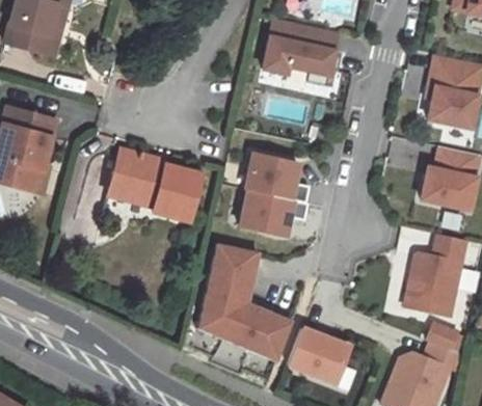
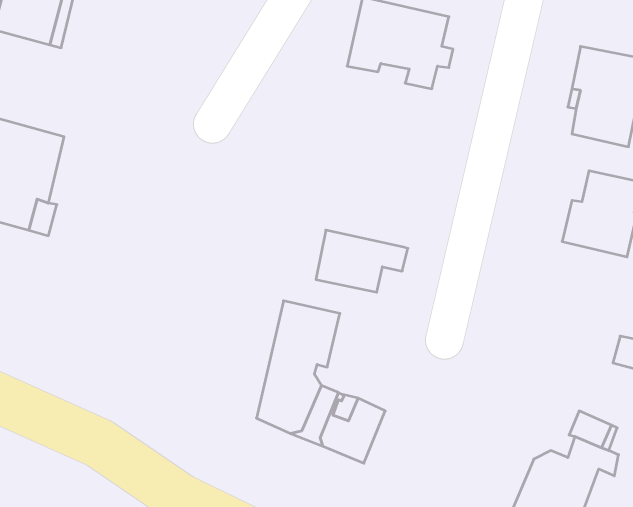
building: [109,150,199,221] -> none
building: [246,154,310,202] -> none
building: [405,234,467,317] -> none
building: [288,329,350,383] -> none

